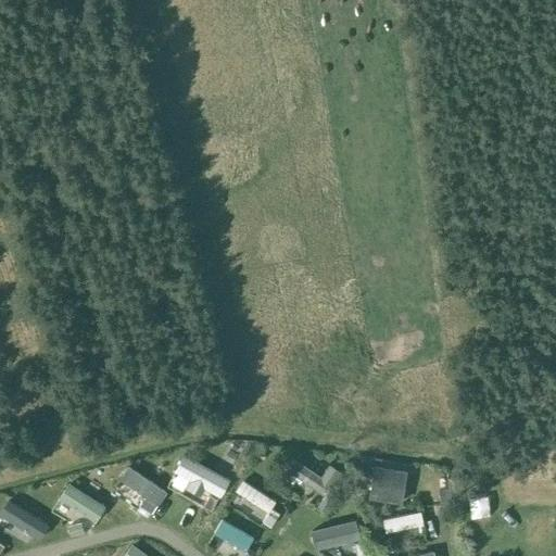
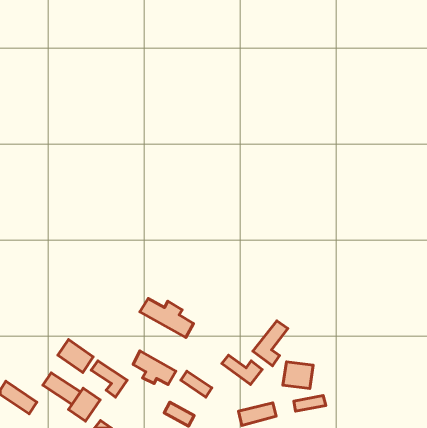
building: none -> [140,299,194,337]
building: none -> [253,321,288,366]
building: none -> [58,340,93,373]
building: none -> [69,388,100,421]

